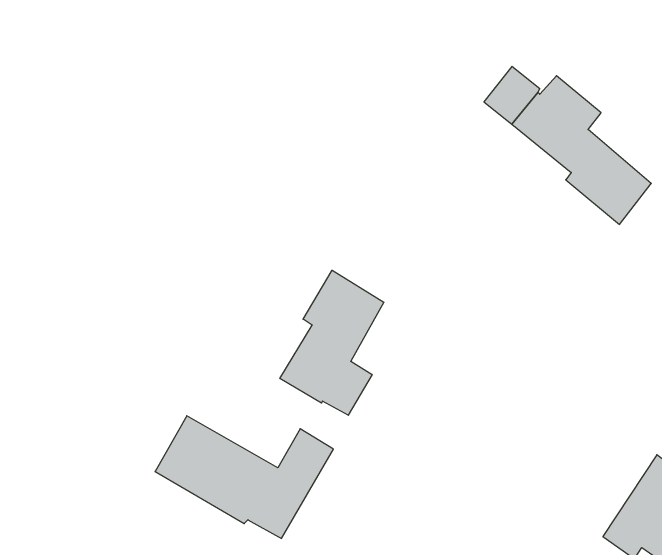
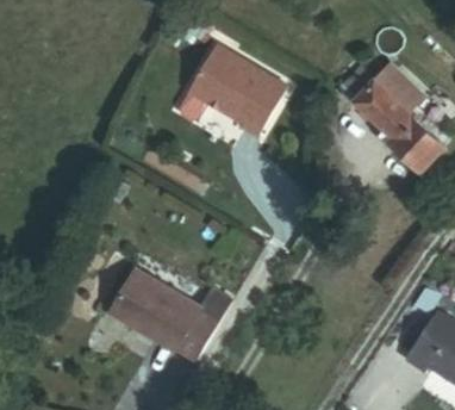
building: none -> [187,41,285,131]
building: [280,270,384,415] -> none

